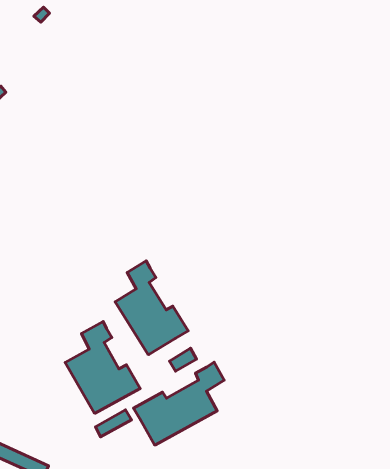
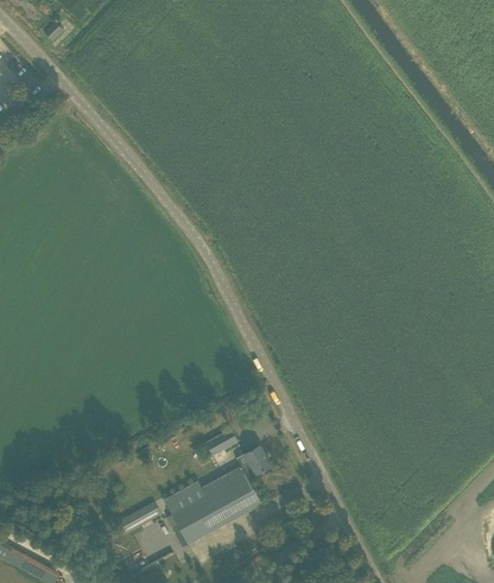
building: [115,261,188,354] -> none
building: [65,321,140,413] -> none

